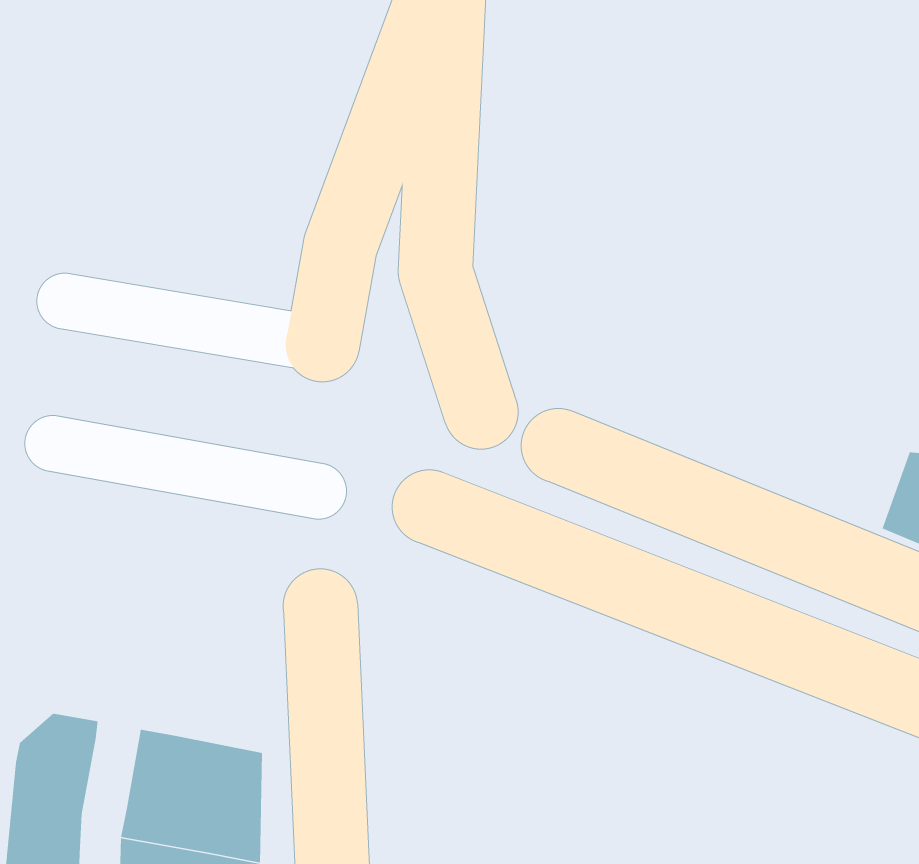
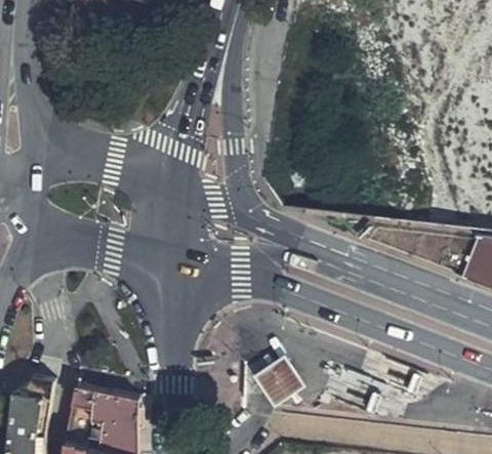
building: none -> [253,352,303,402]

